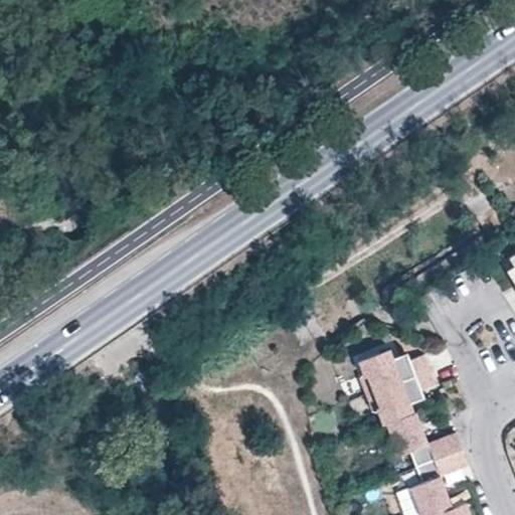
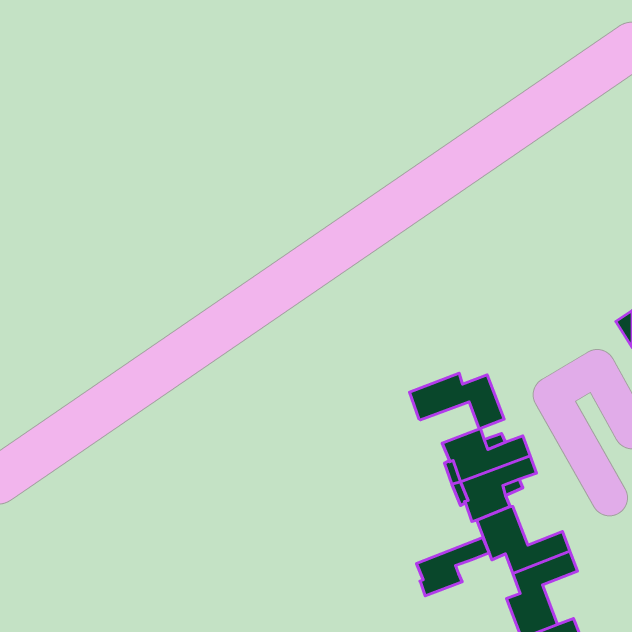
building: none -> [410,373,504,429]
building: none -> [416,537,489,596]

